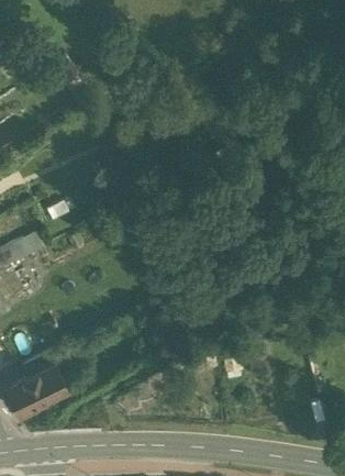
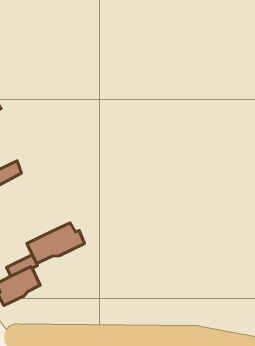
building: none -> [27,223,85,264]

